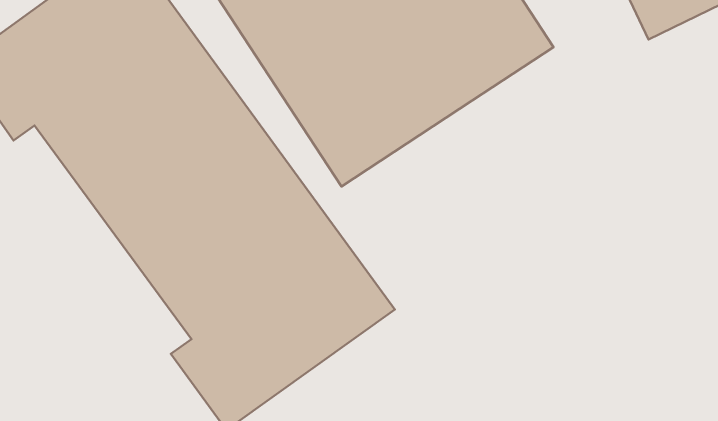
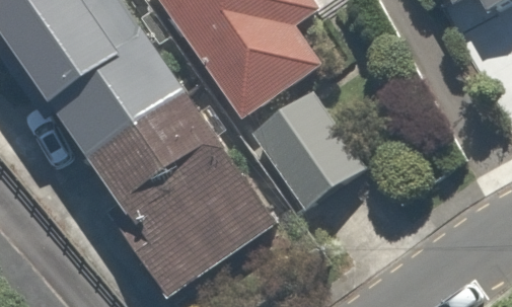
building: none -> [250,92,364,213]

